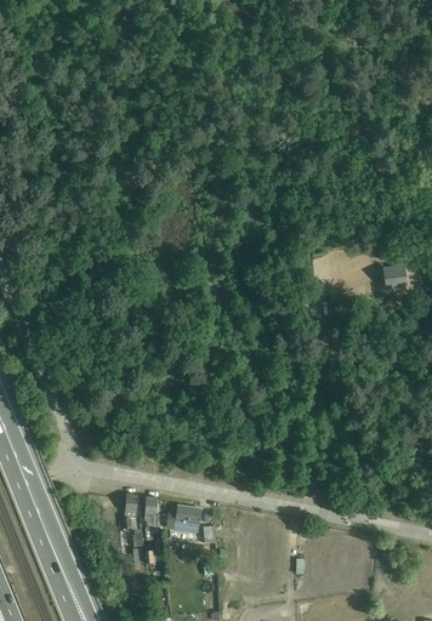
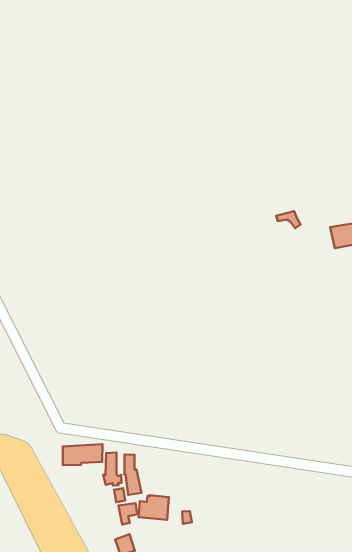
building: none -> [63,444,103,465]
building: [167,506,201,534] -> [139,495,169,520]

